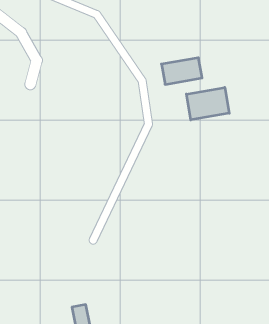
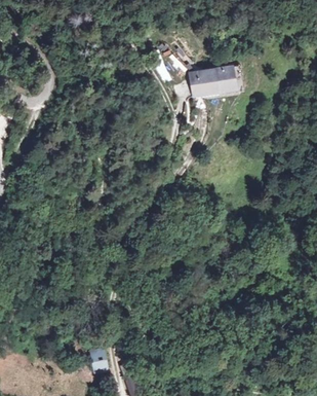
building: [186,87,229,120] -> none

